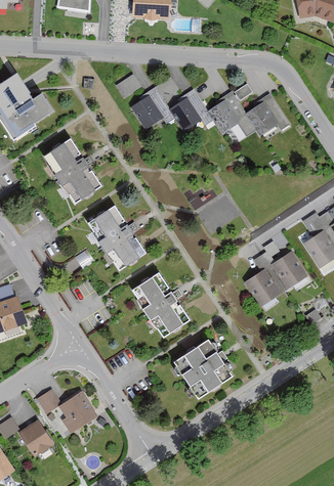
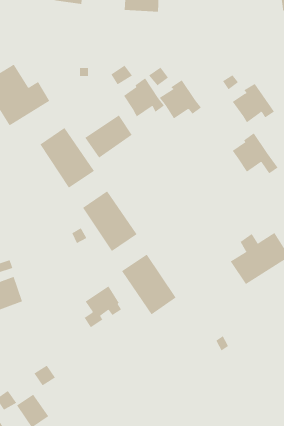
building: [208,91,257,135] -> [232,132,278,174]
building: none -> [85,114,133,158]
building: none -> [84,286,122,328]
building: [172,338,233,398] -> none
building: [58,391,97,432] -> none

